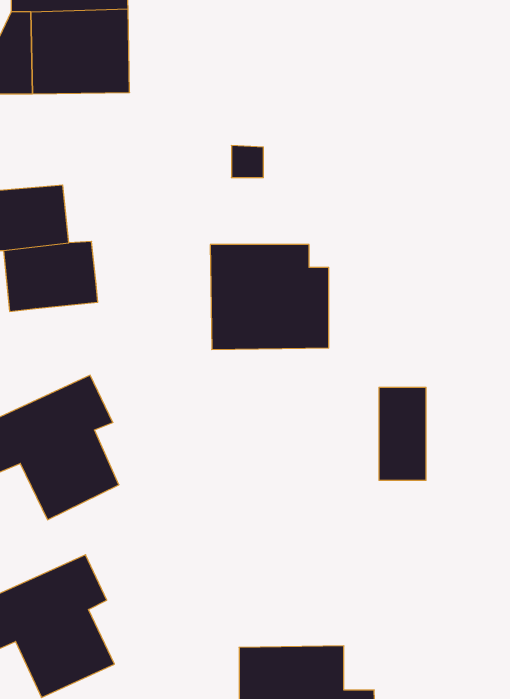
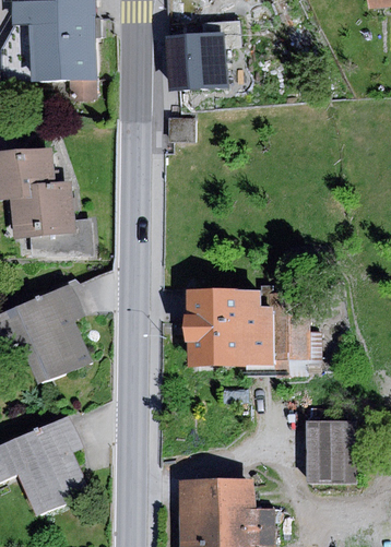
building: none -> [165,20,240,91]
building: [210,245,329,349] -> [187,289,272,365]
building: none -> [29,218,94,257]
building: none -> [307,420,355,483]

